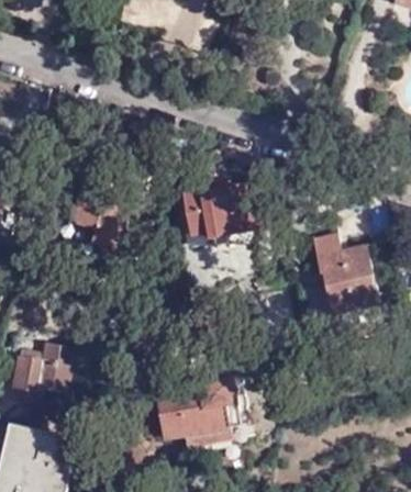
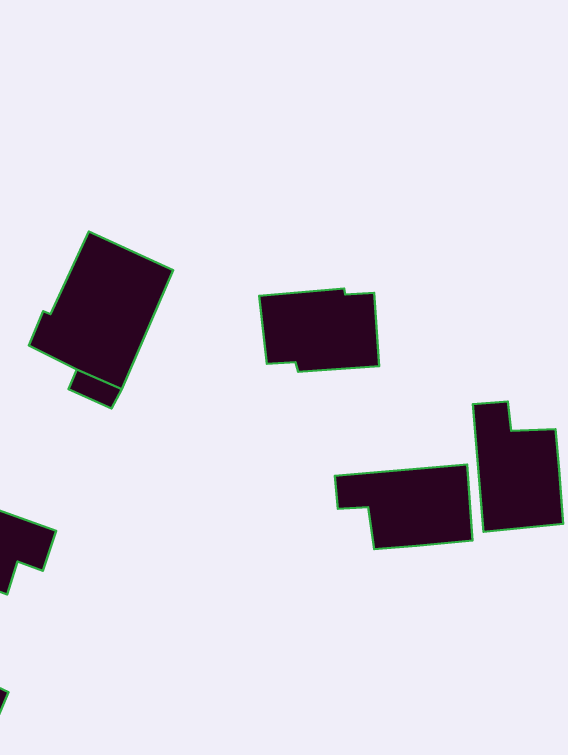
building: none -> [335,465,472,549]
building: [152,380,247,449] -> none

